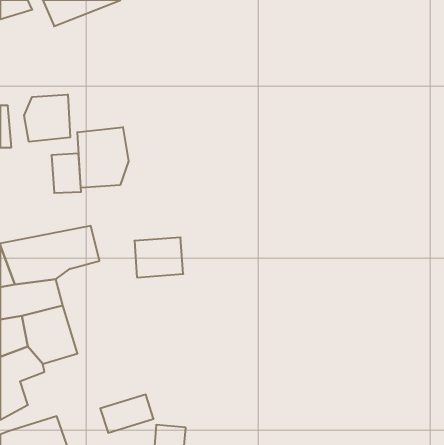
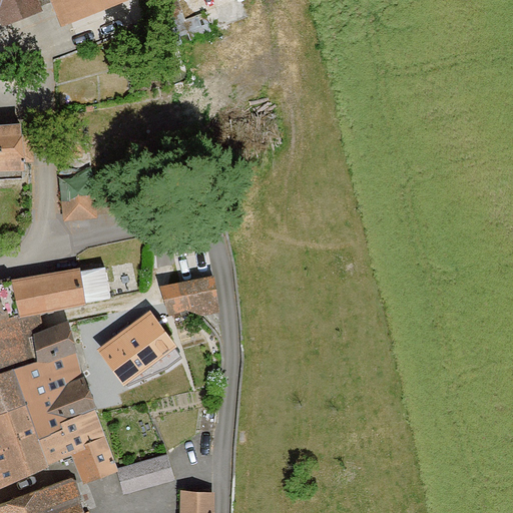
building: [24,94,70,142] -> none
building: [77,127,128,188] -> none
building: none -> [89,310,169,388]
building: none -> [25,407,115,482]

